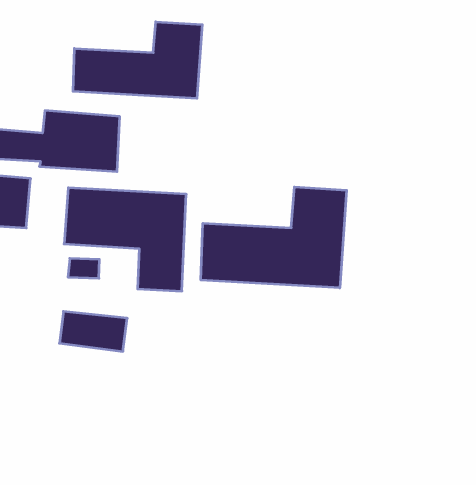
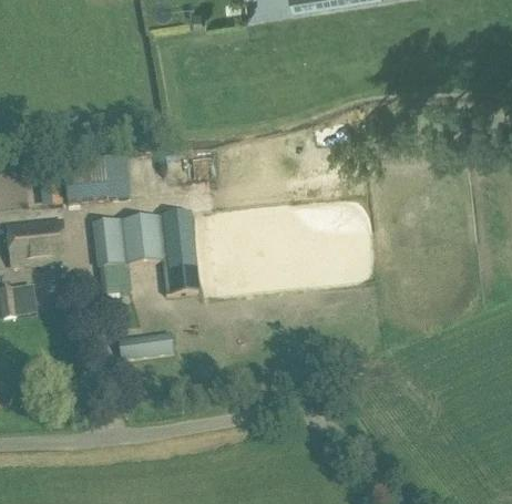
building: [73,22,202,98] -> none
building: [201,187,347,288] -> none

